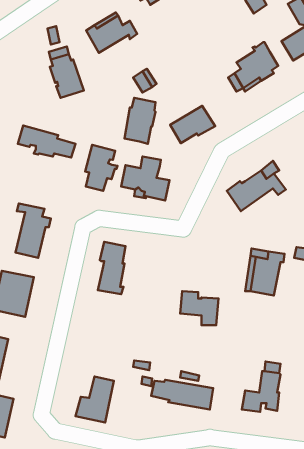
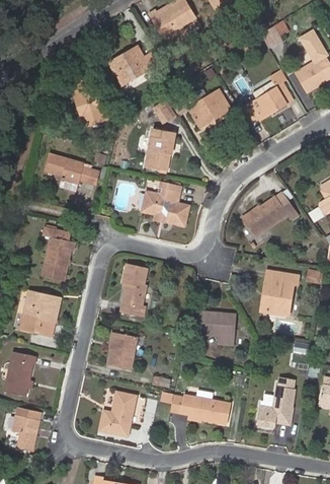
building: [170,106,215,143] -> [188,90,231,126]
building: [85,145,118,191] -> none
building: none -> [108,333,137,369]

